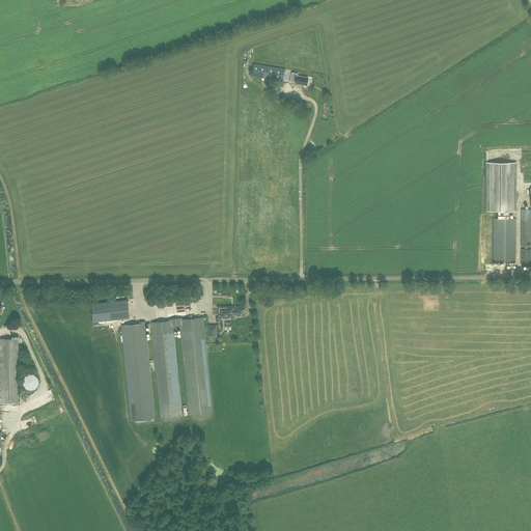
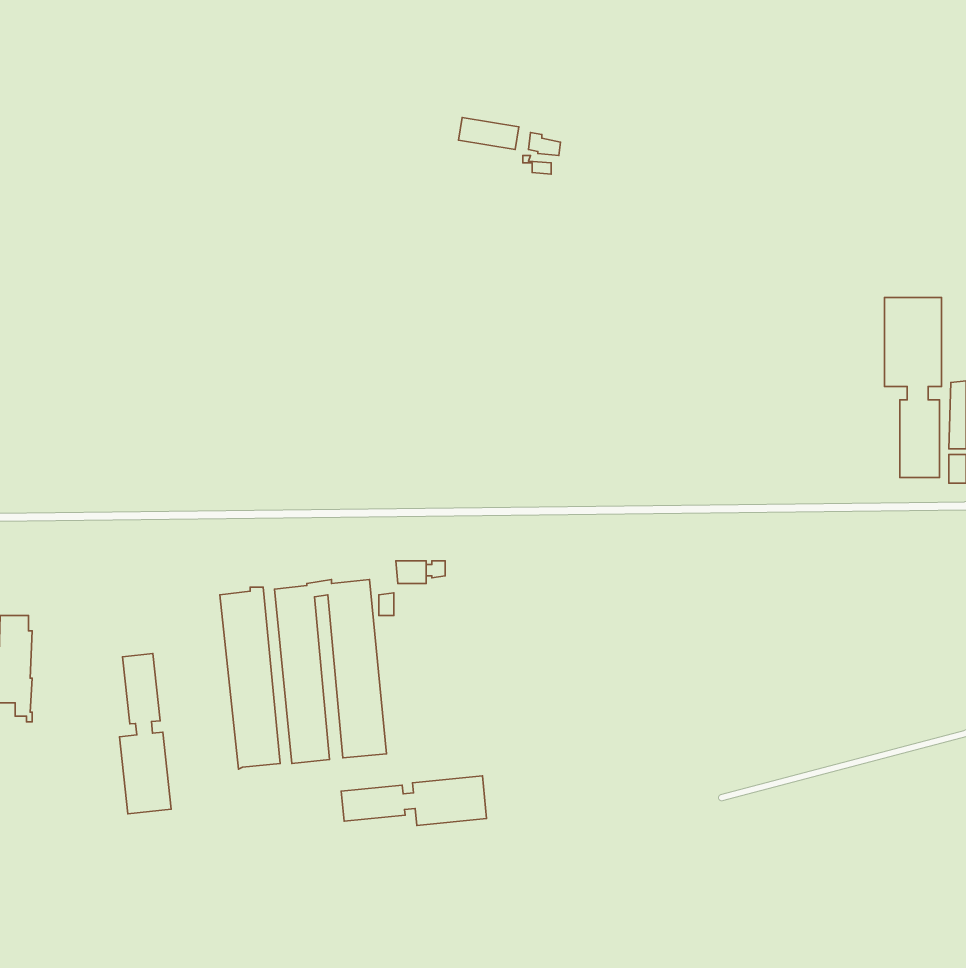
building: [90,300,129,323] -> none
building: none -> [120,654,171,814]
building: none -> [341,776,487,825]

